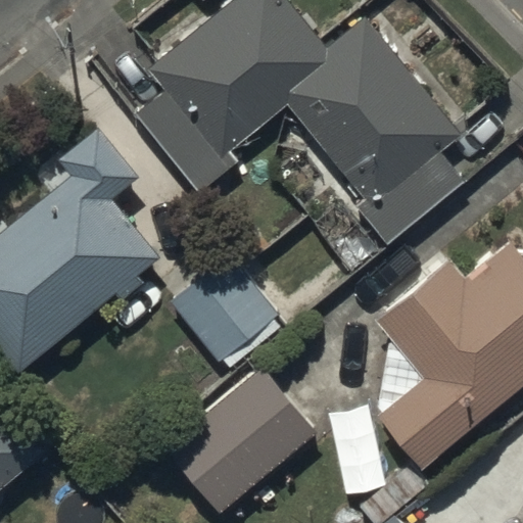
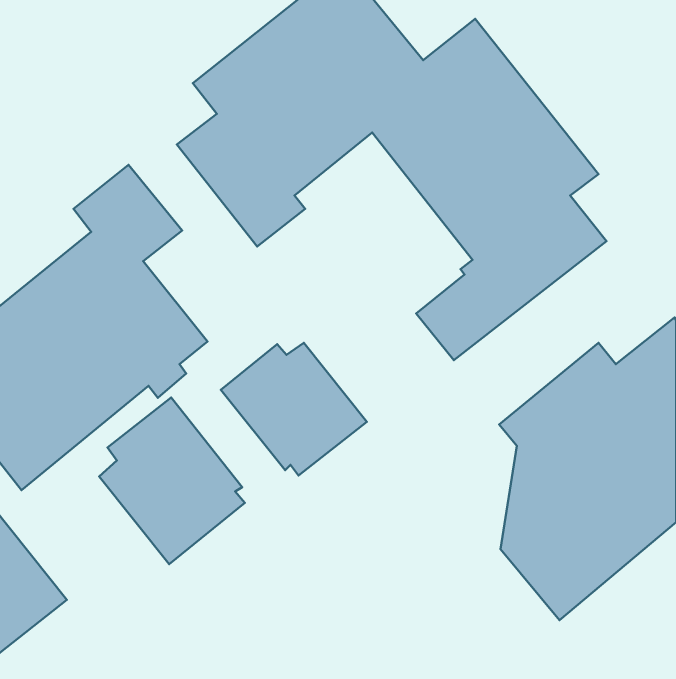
building: none -> [99,397,245,564]
building: [169,367,319,513] -> none

